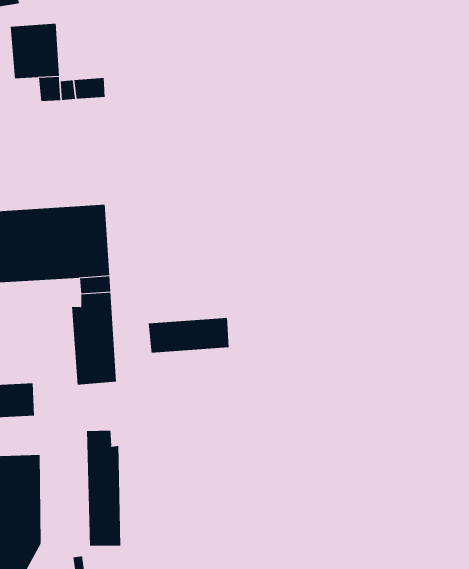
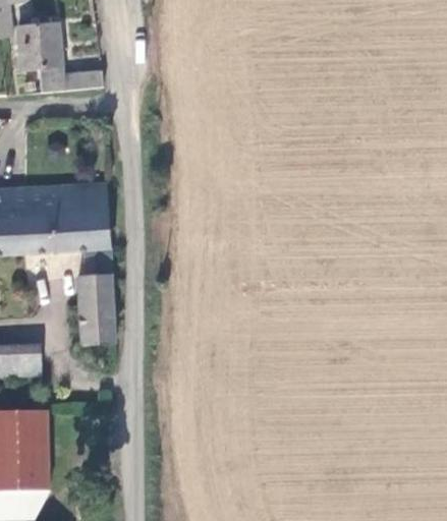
building: [148,317,229,353] -> none
building: [86,430,121,547] -> none

